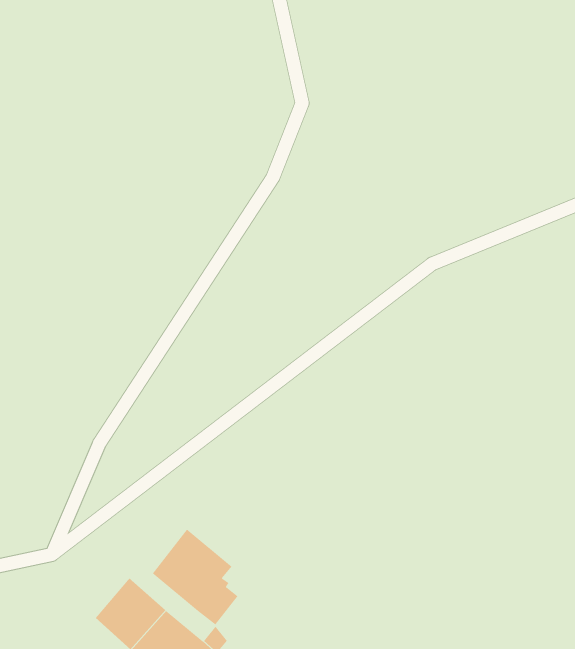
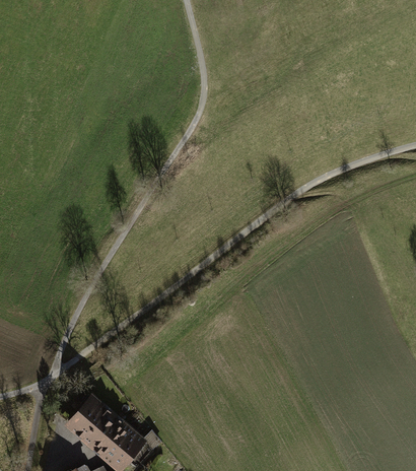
building: [152,529,238,626] -> none

